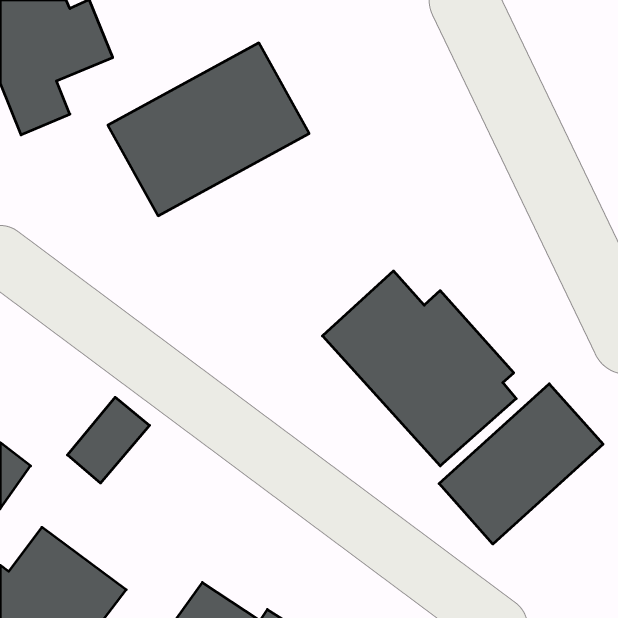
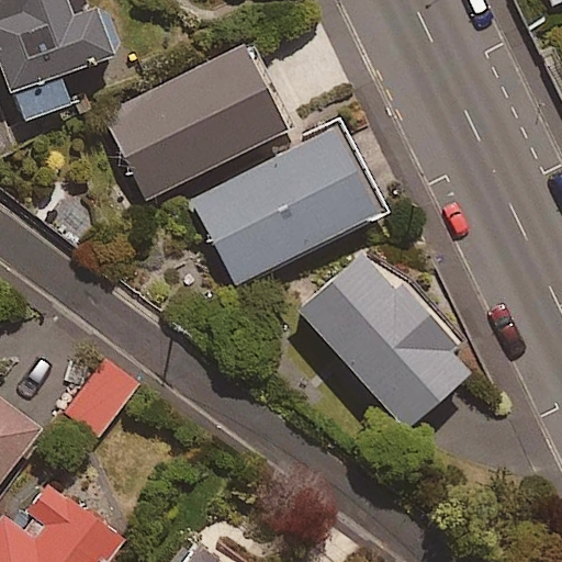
building: none -> [191,125,380,284]
building: [439,384,603,544] -> none

